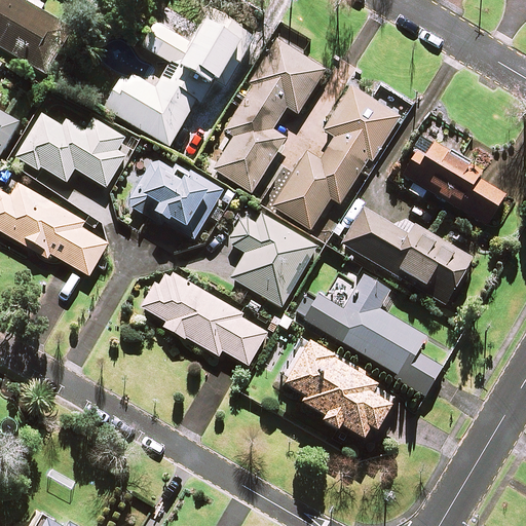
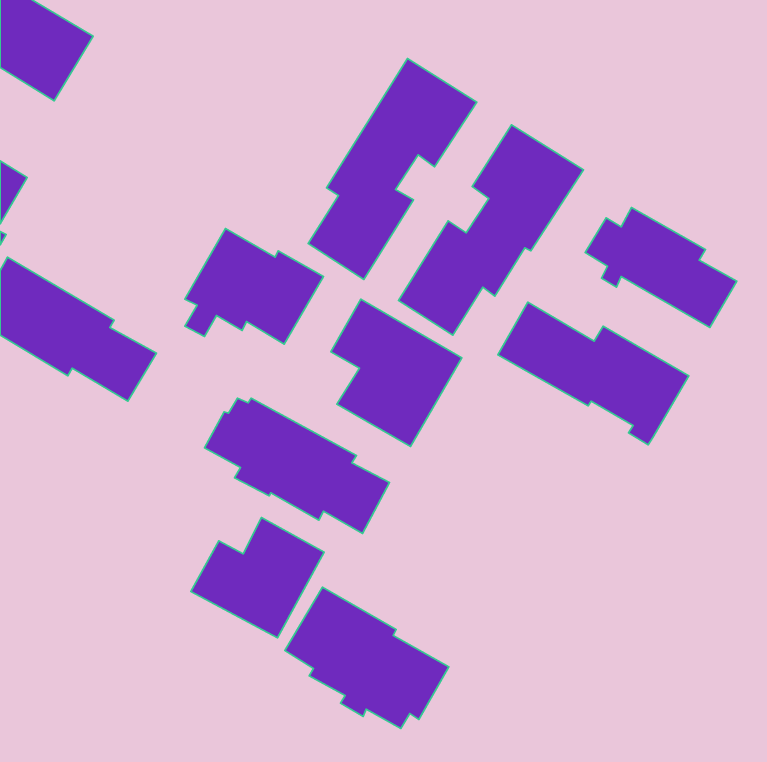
building: [104,11,253,145] -> none
building: [16,105,125,186] -> none
building: [295,273,442,394] -> none
building: [283,341,394,438] -> [285,587,449,729]
building: none -> [191,518,324,638]

